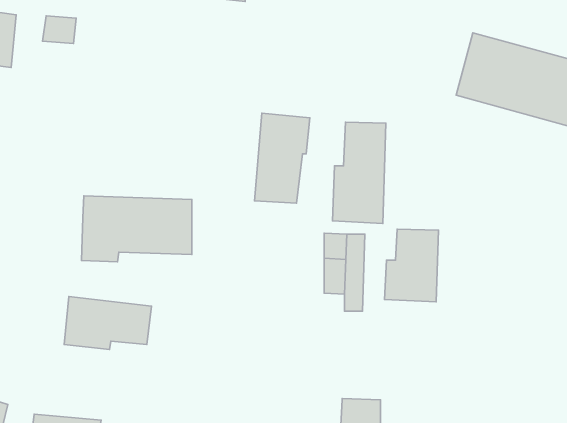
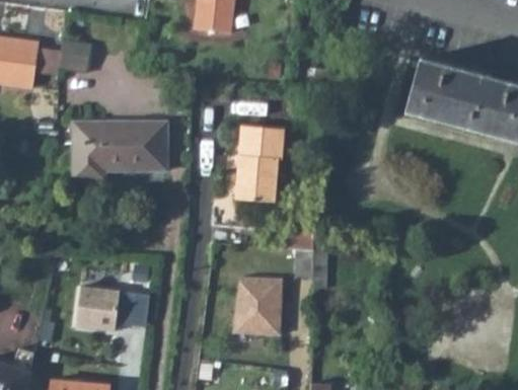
building: [332,122,386,223] -> none
building: [82,196,192,262] -> [75,119,168,174]
building: [385,229,438,302] -> none
building: none -> [232,278,280,337]

